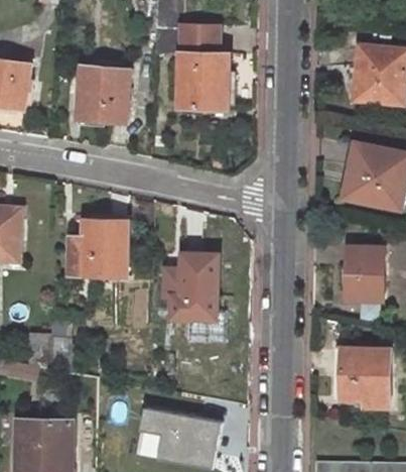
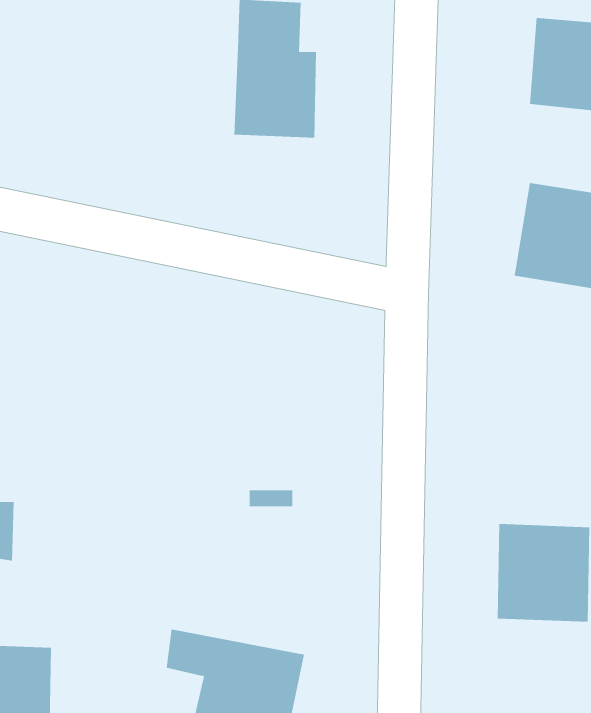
building: [75,63,130,121] -> none
building: [80,217,127,274] -> none
building: [346,245,385,299] -> none
building: [170,252,217,317] -> none

